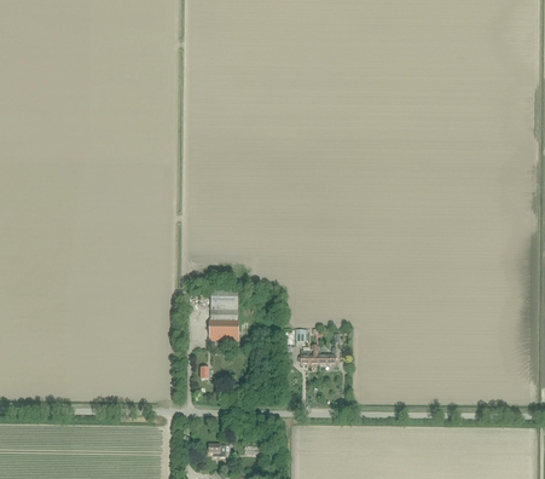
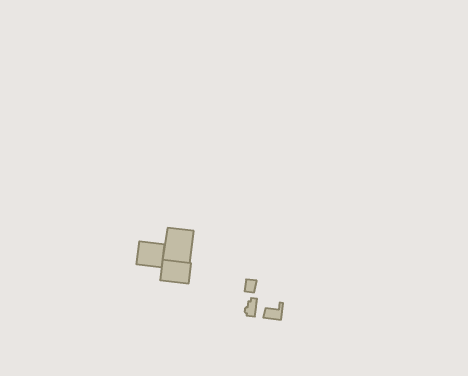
building: none -> [137,241,164,267]

